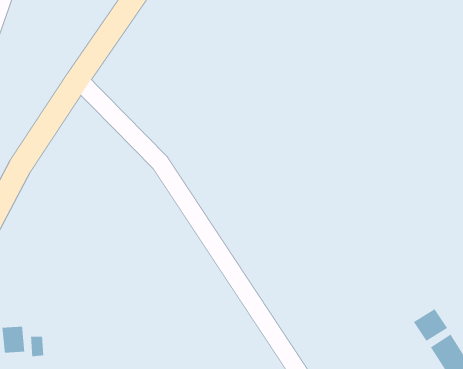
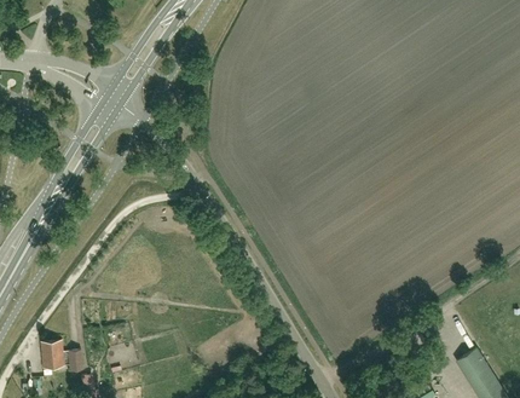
building: [413,308,448,342] -> none

